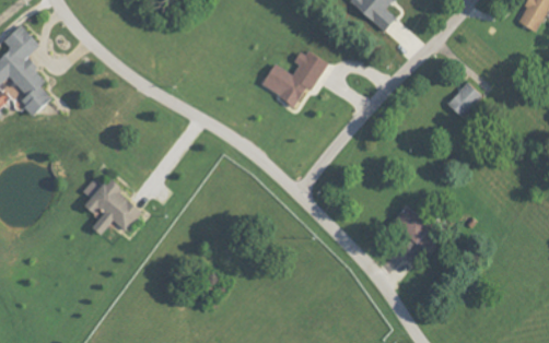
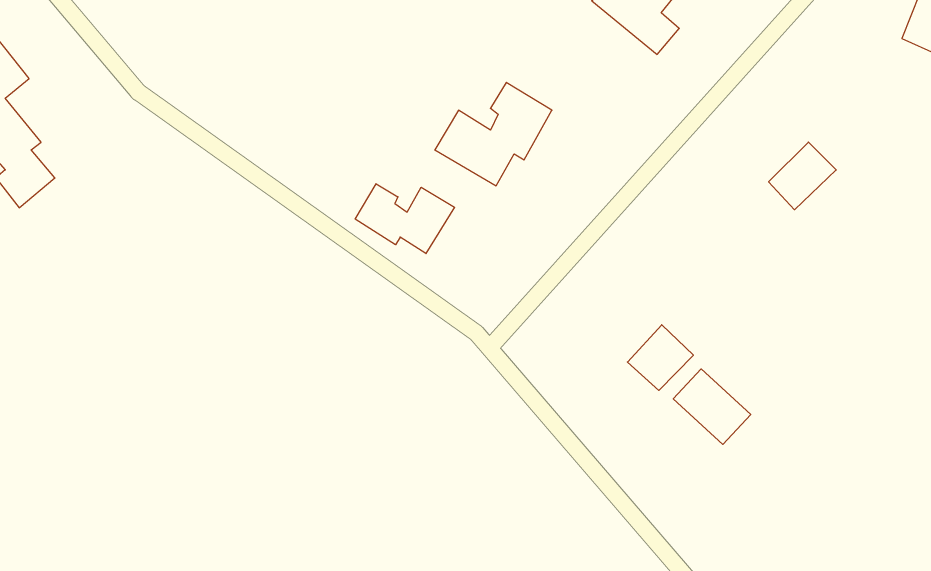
building: none -> [355,184,455,254]
building: [80,177,142,235] -> none
building: none -> [627,325,693,390]

